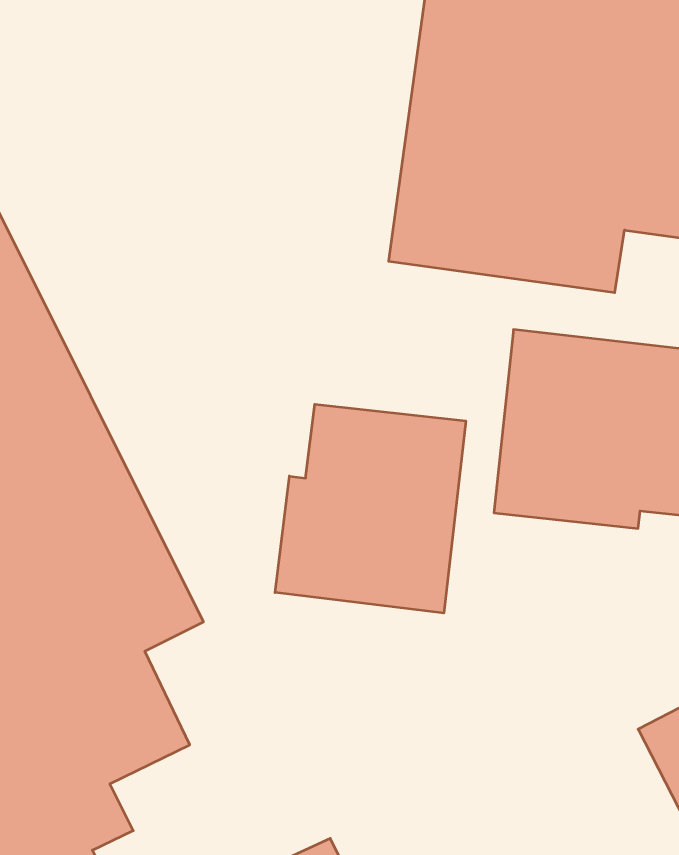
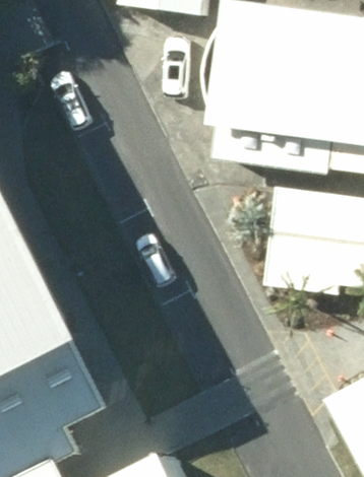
building: [275,404,466,613] -> none

